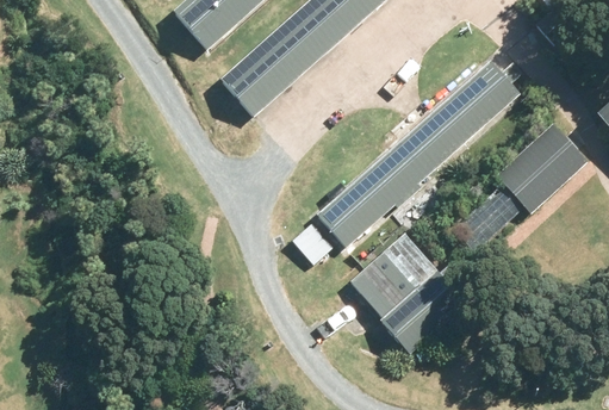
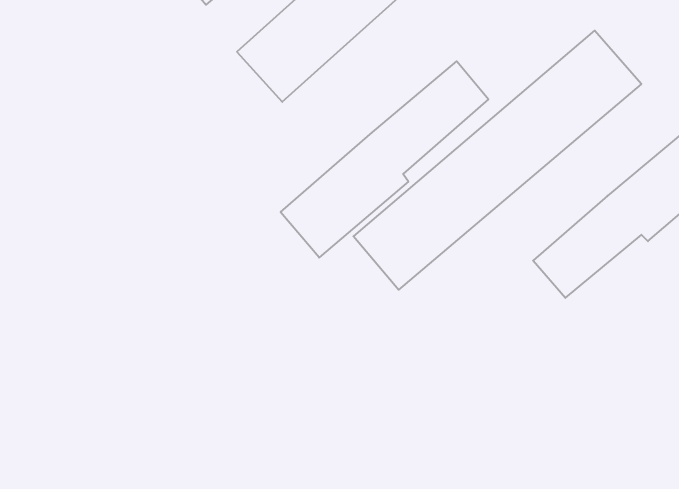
building: none -> [281,61,488,258]
building: [347,230,466,352] -> none

